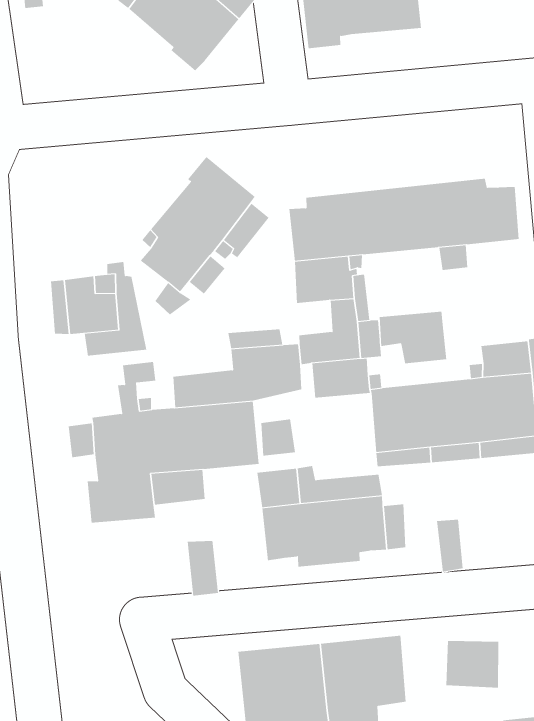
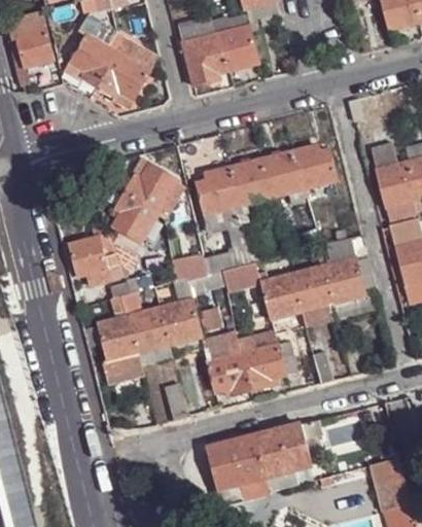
building: [379,311,447,364] -> none

